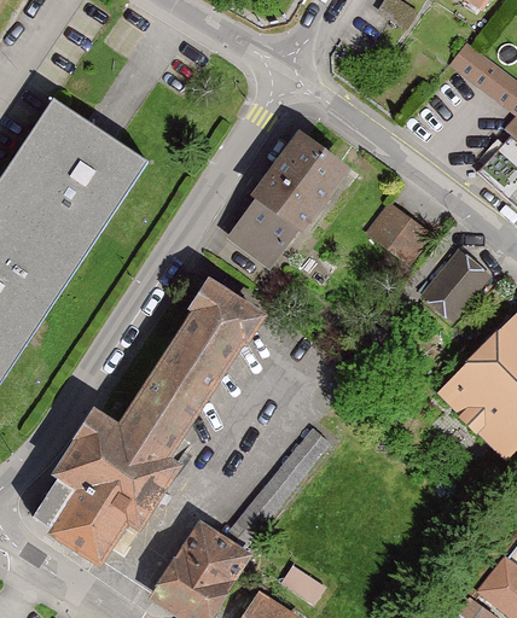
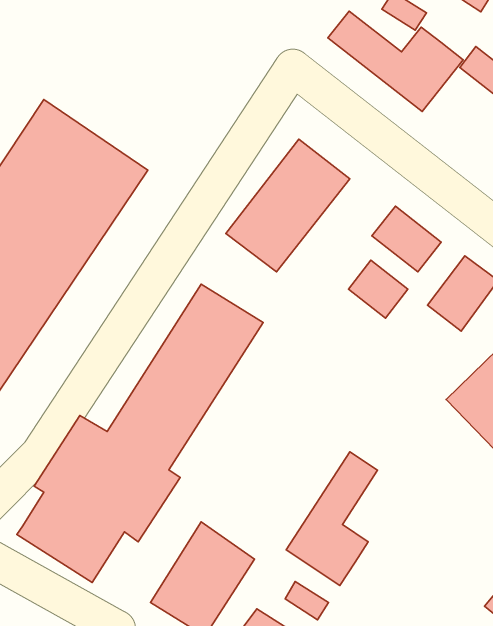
building: none -> [328,11,463,111]
building: none -> [349,260,408,318]
building: none -> [286,452,378,585]

